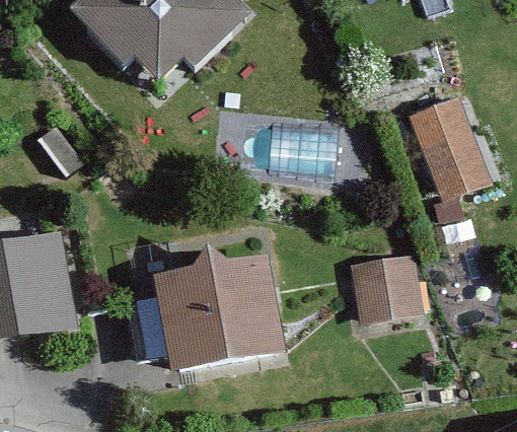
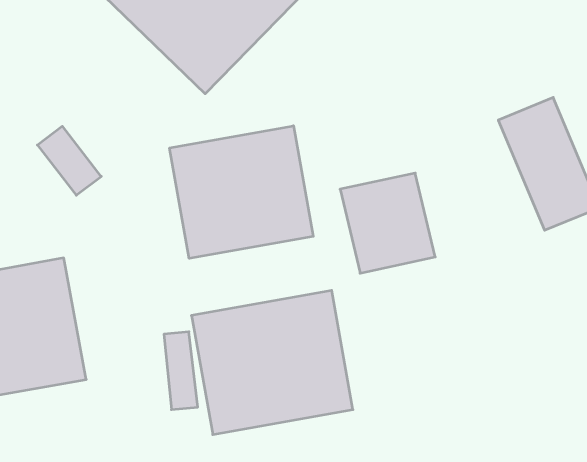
building: none -> [170,126,313,258]
building: [342,245,419,327] -> [340,173,435,273]

